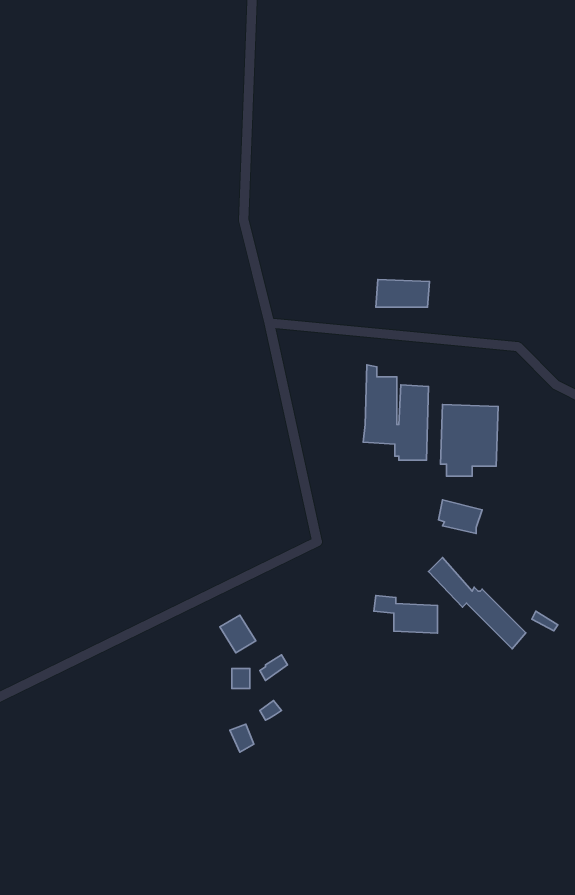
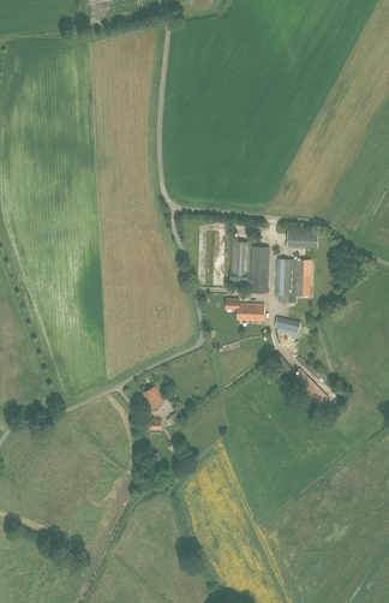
building: [376,279,429,307] -> [286,229,318,246]
building: [374,595,438,633] -> [226,298,264,321]

